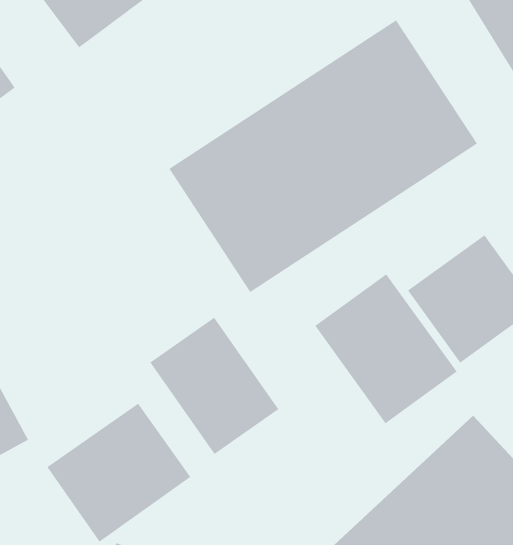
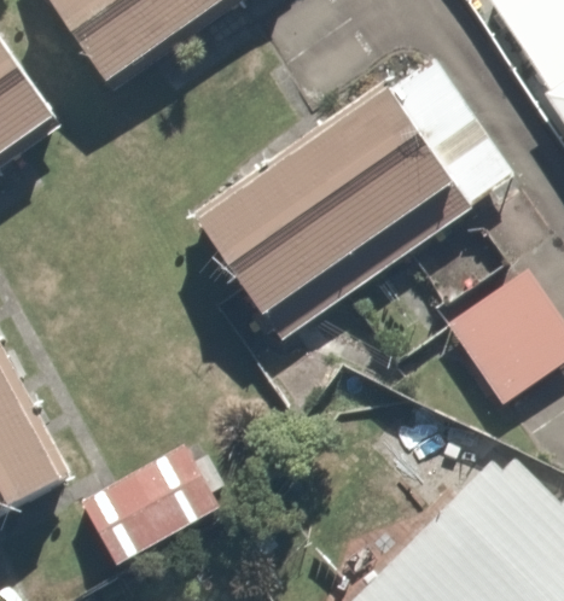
building: [314,273,457,424] -> none
building: [149,317,279,455] -> none

